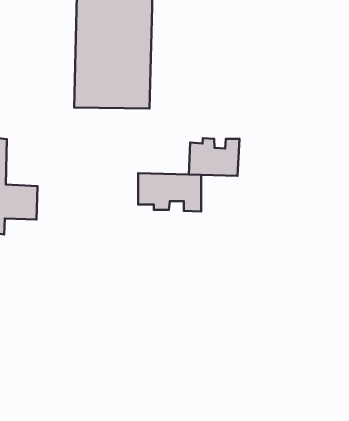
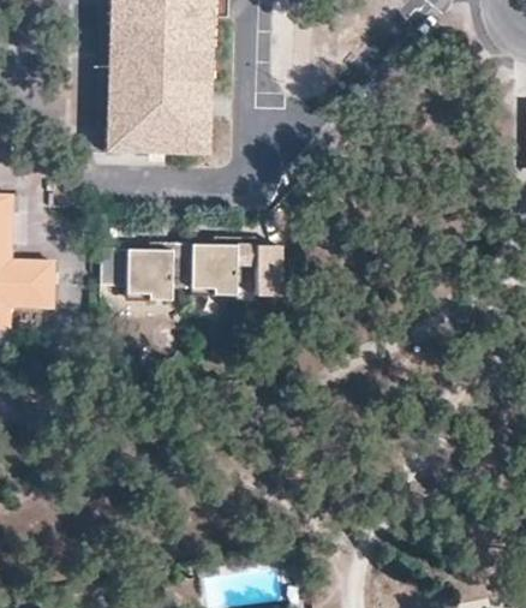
building: [189,138,239,176] -> none
building: none -> [102,243,193,298]

